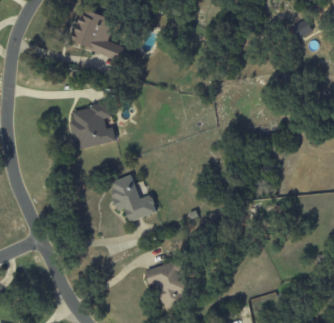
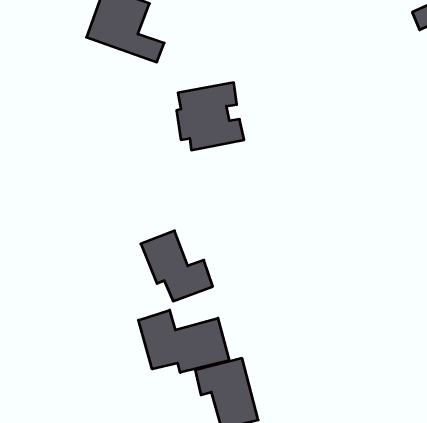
building: [70,102,116,148] -> [177,83,244,150]
building: none -> [138,310,229,373]

